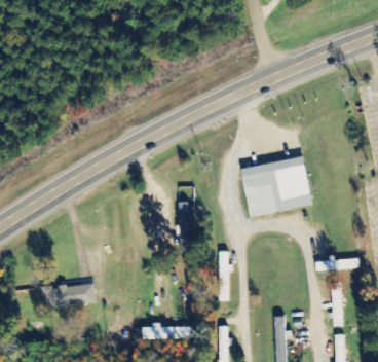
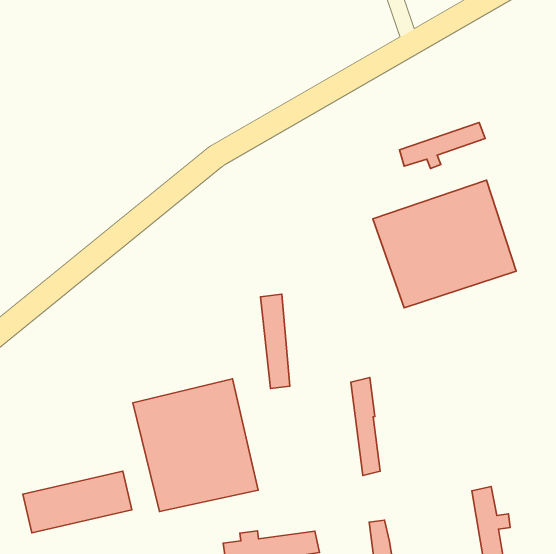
building: none -> [400,123,485,169]
building: none -> [133,379,258,512]

